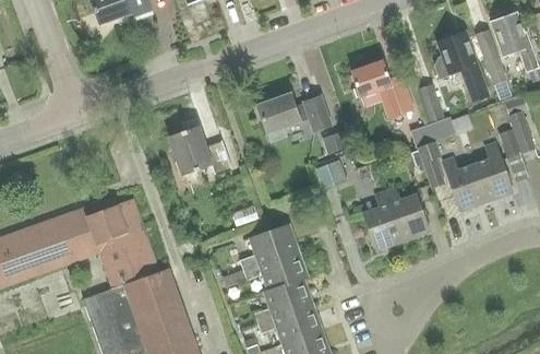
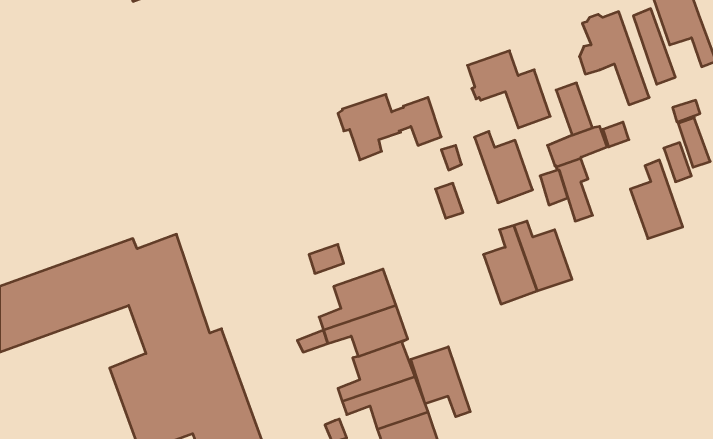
building: [169,126,231,175] -> none
building: [443,157,487,211] -> [474,131,533,203]
building: none -> [411,347,470,417]

